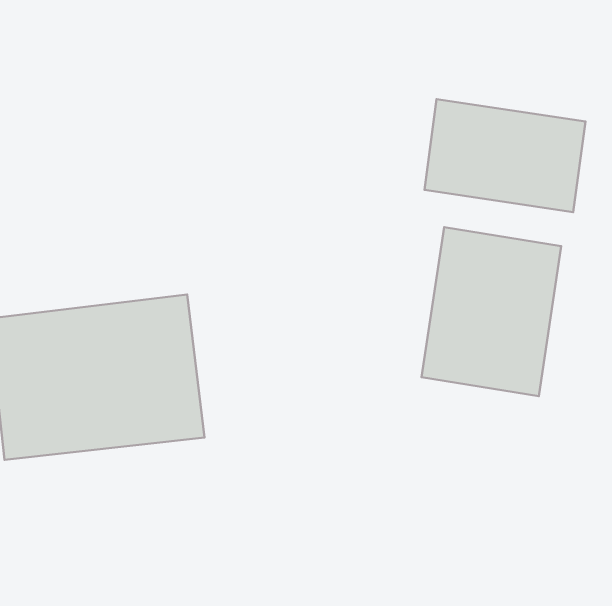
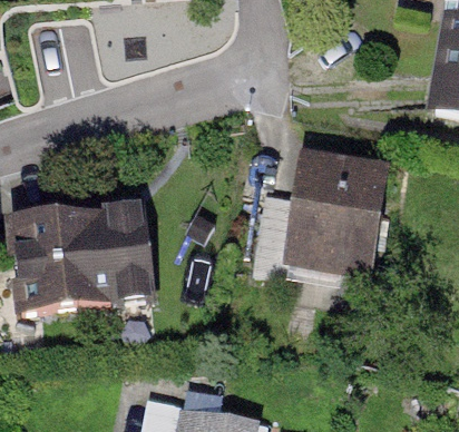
building: [424,99,585,212] -> none

